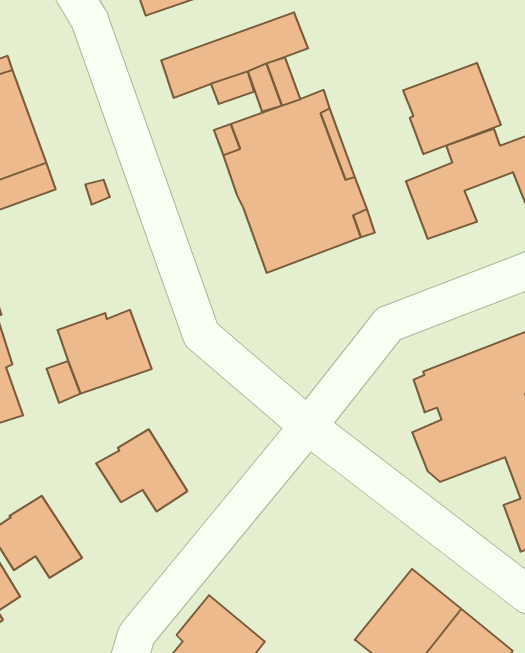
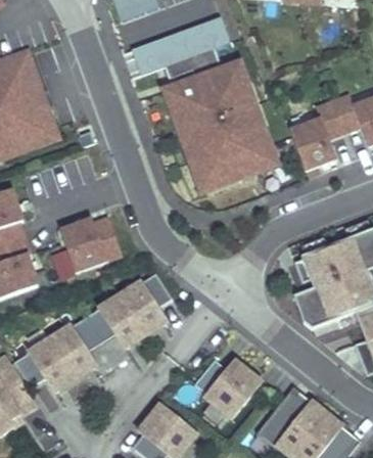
building: [403,63,501,154] -> none
building: none -> [121,272,173,334]
building: none -> [50,316,102,378]
building: none -> [195,358,262,419]

